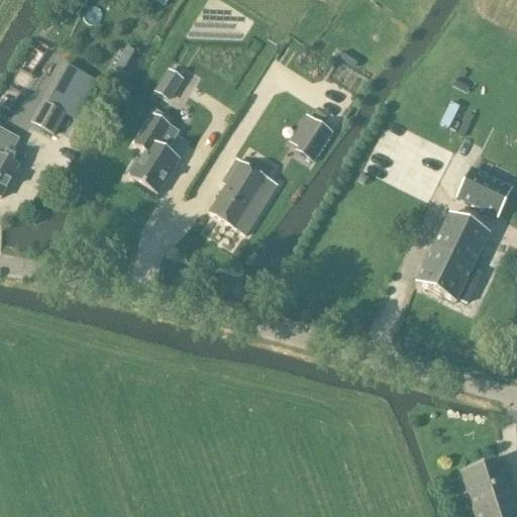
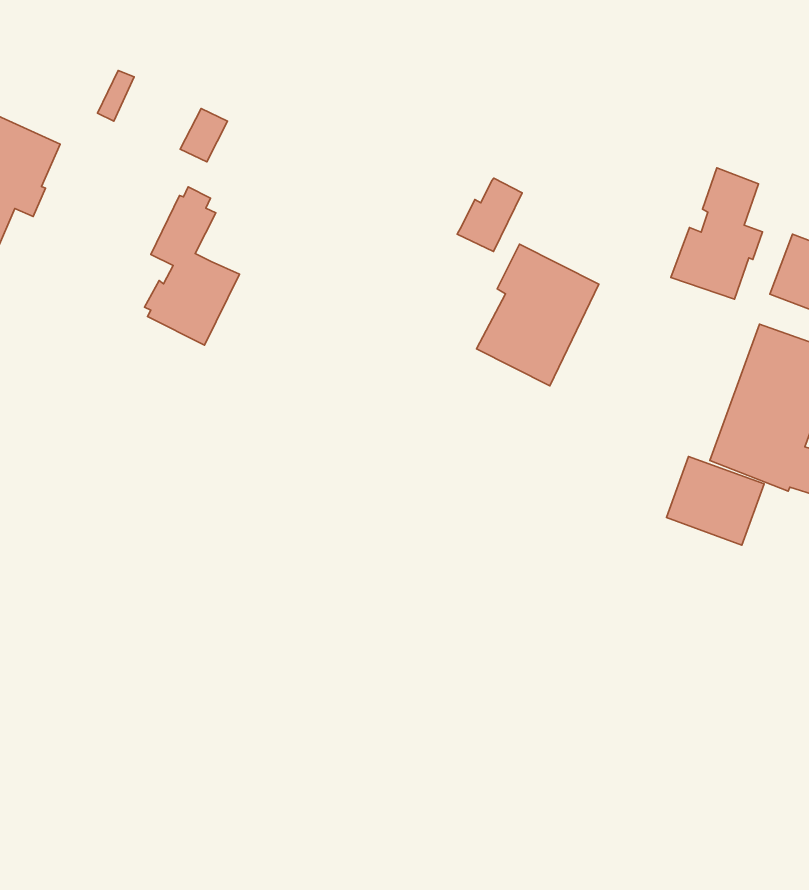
building: none -> [671,168,762,299]
building: [209,158,277,233] -> [477,244,599,386]
building: none -> [666,457,764,545]

